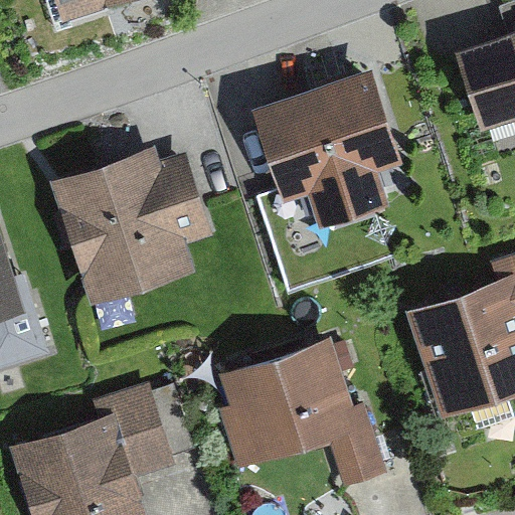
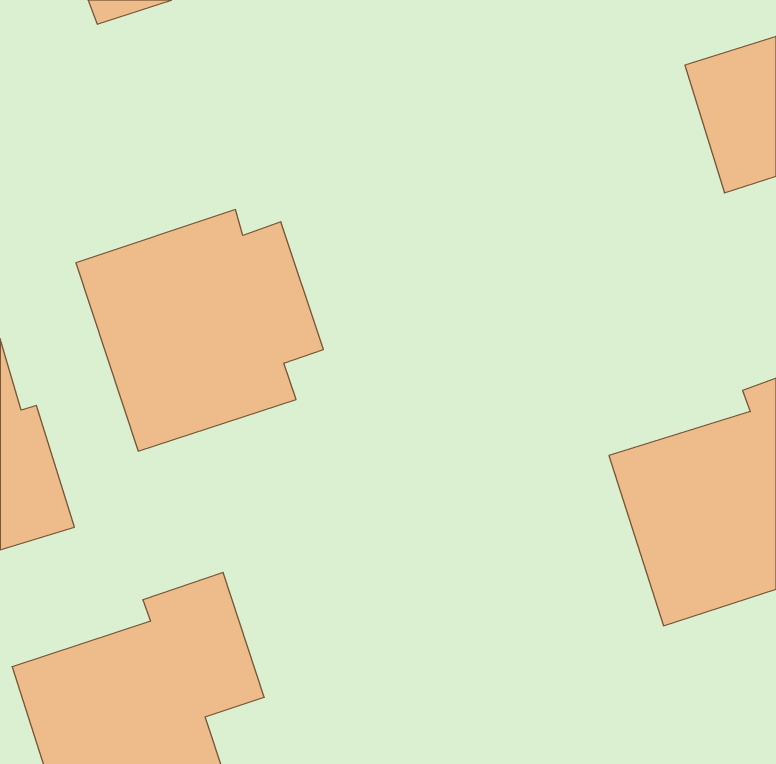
building: [252,66,407,231] -> none
building: [220,340,389,494] -> none

